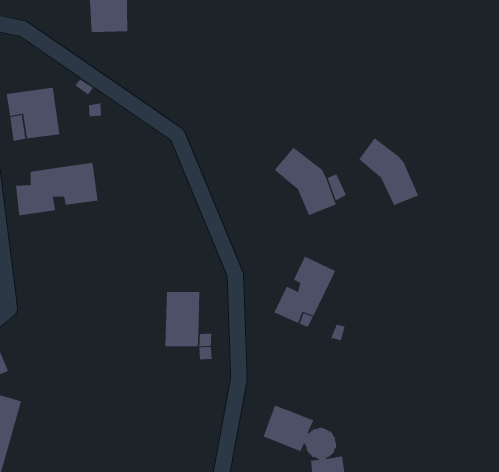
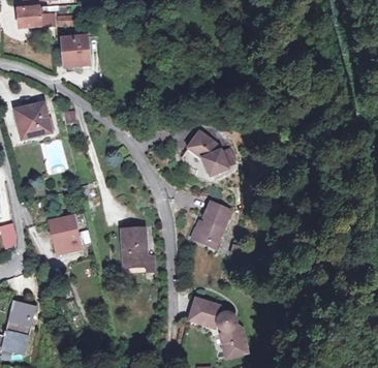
building: [359,137,419,206] -> none
building: [16,162,98,216] -> none
building: none -> [52,216,81,250]

